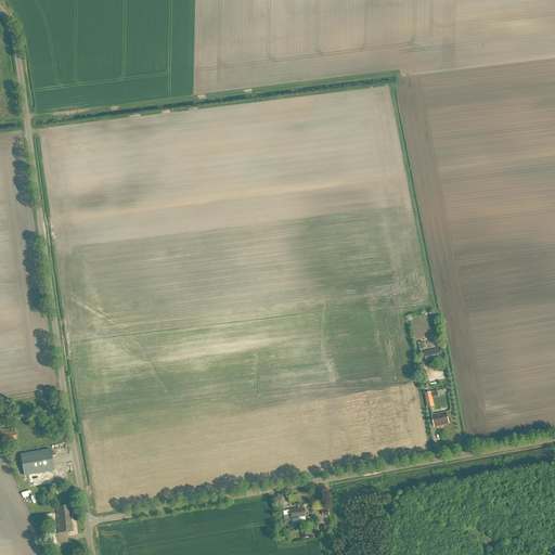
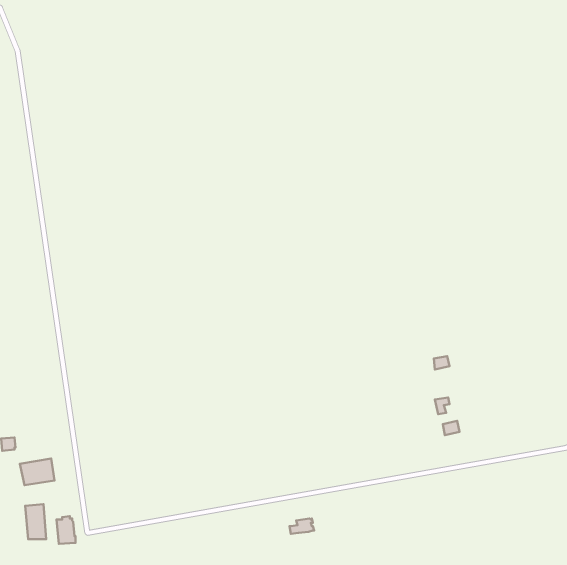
building: none -> [25,504,46,539]

